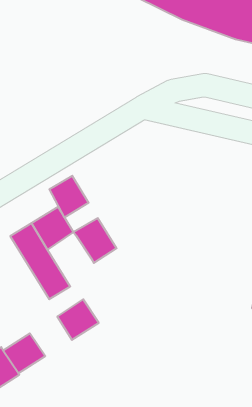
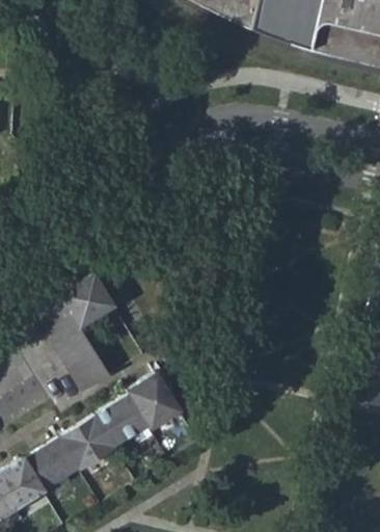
building: [49,176,89,217] -> none
building: [74,218,117,263] -> [128,368,183,425]
building: none -> [62,411,118,467]

